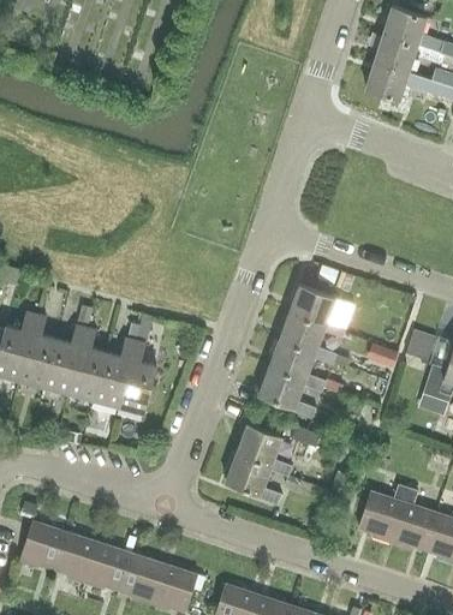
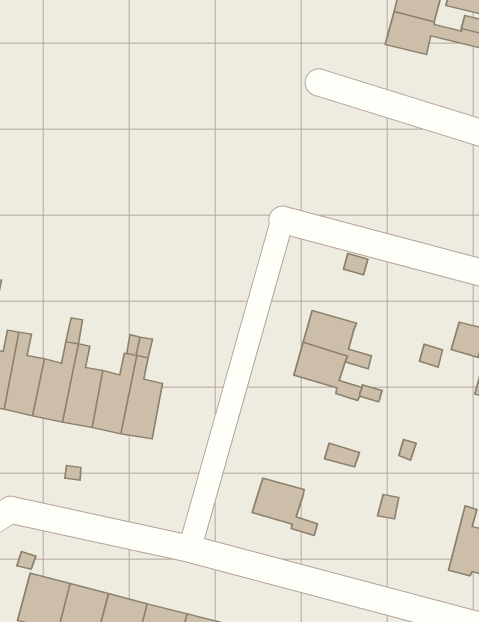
building: [288,285,346,338] -> none
building: [258,366,316,419] -> none
building: [237,423,292,477] -> none
building: [358,484,409,542] -> none

